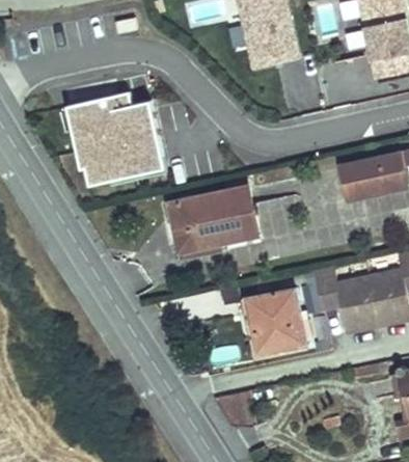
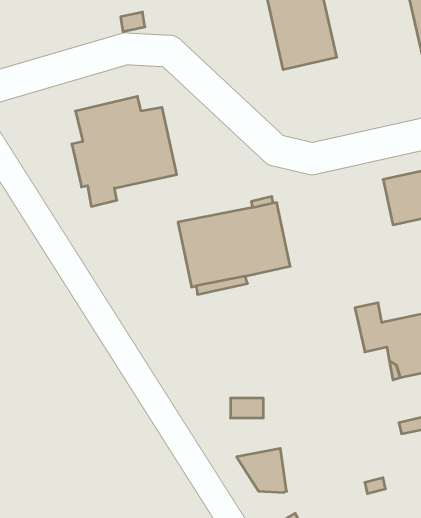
building: [244,287,306,354] -> none

